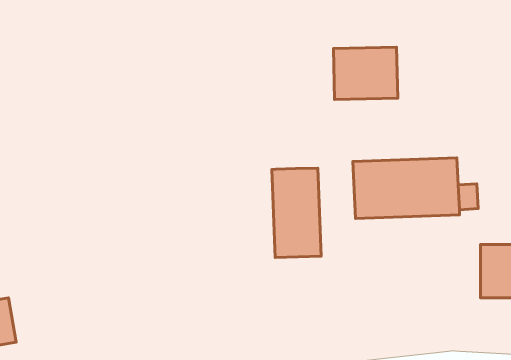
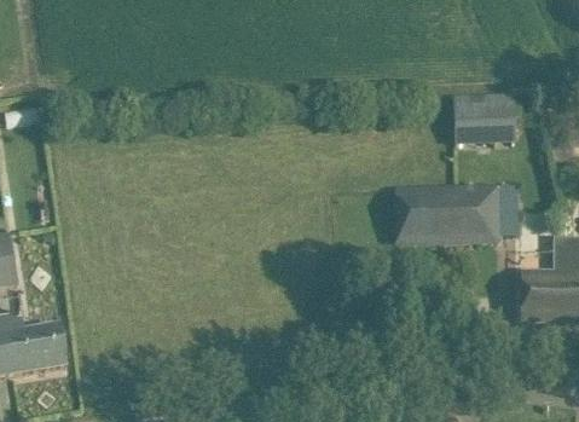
building: [333,47,398,99] -> [448,94,511,145]
building: [272,168,321,257] -> none

